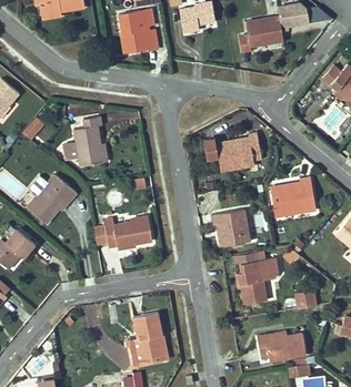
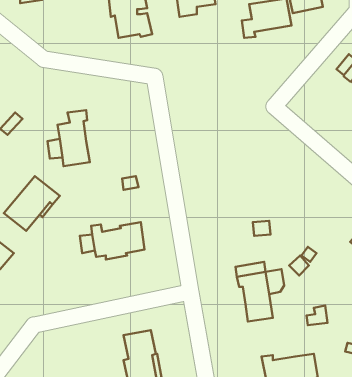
building: [203,133,260,171] -> none
building: [270,176,317,217] -> none
building: [211,210,250,246] -> none

